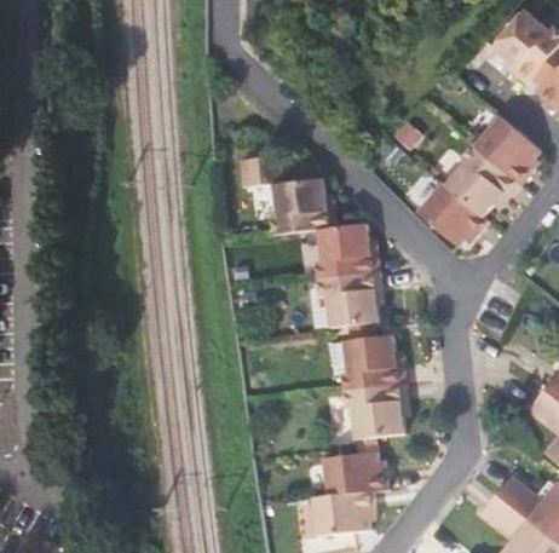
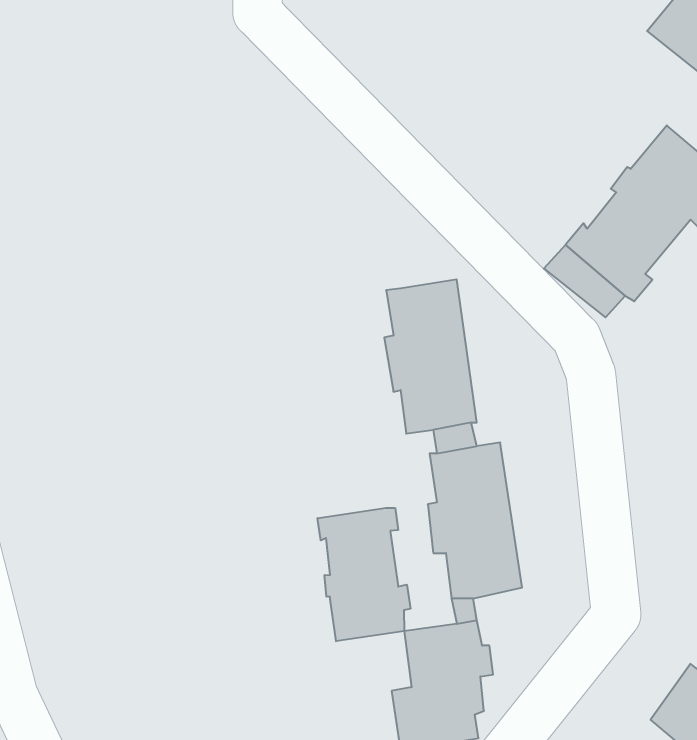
building: [244,156,323,234] -> none
building: none -> [318,508,410,641]

